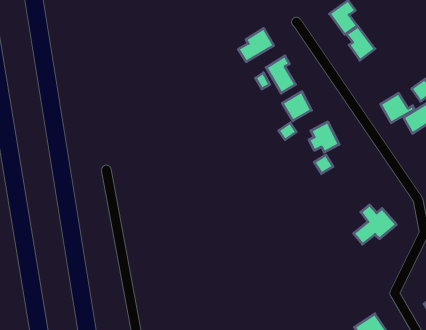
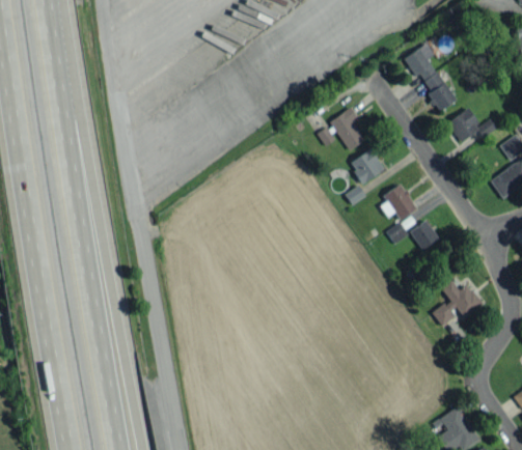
building: [238,28,274,62] -> none
building: [381,93,414,123] -> [448,109,488,143]
building: none -> [411,221,438,249]

